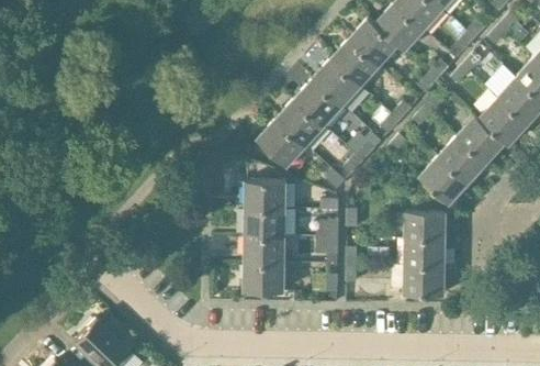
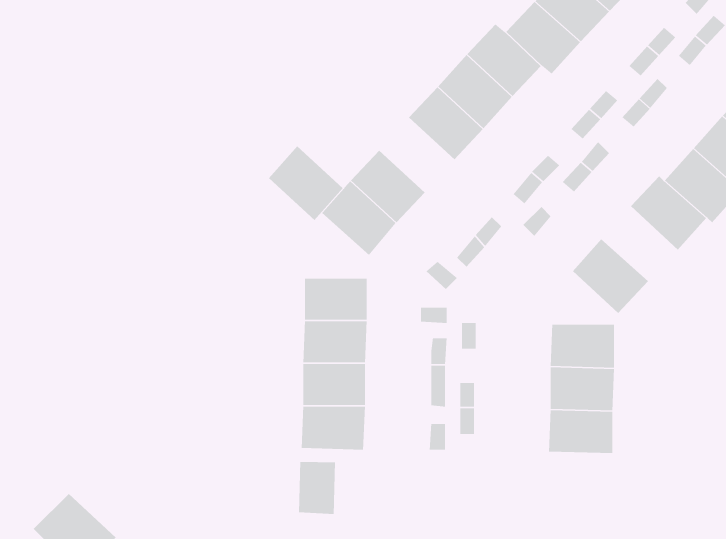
building: [294,79,342,127] -> [268,146,343,221]
building: [437,136,486,185] -> none
building: none -> [298,461,336,515]

